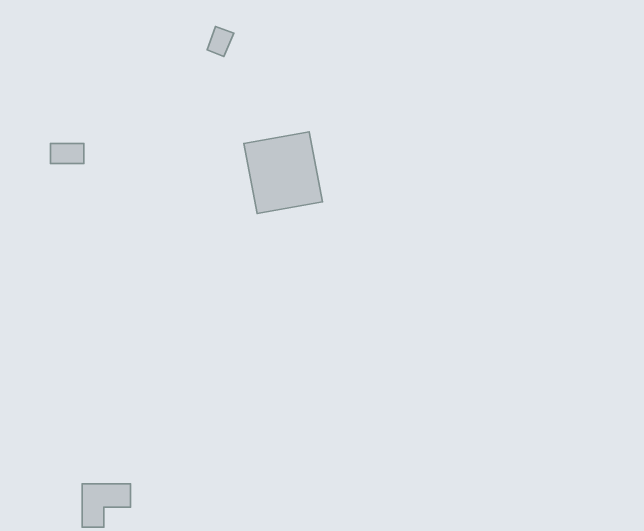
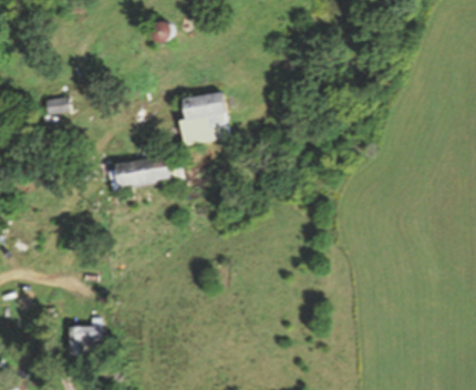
building: none -> [112,155,180,187]

